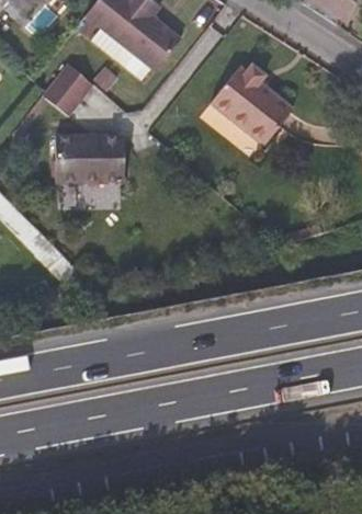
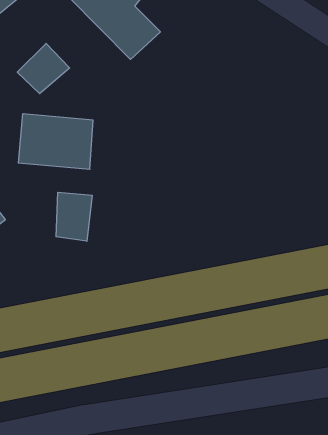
building: [220,75,302,157] -> none
building: none -> [56,192,92,241]

